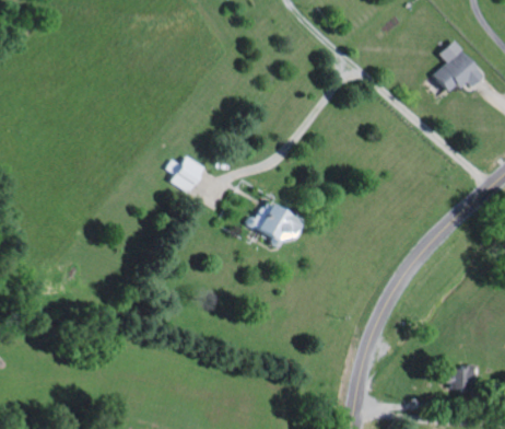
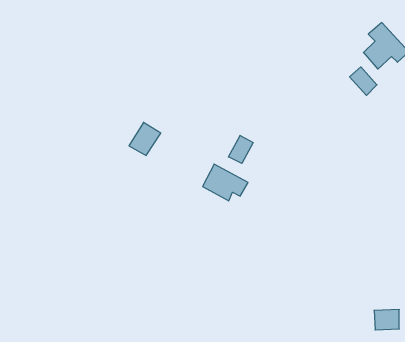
building: none -> [350,67,377,95]
building: none -> [228,135,253,163]

